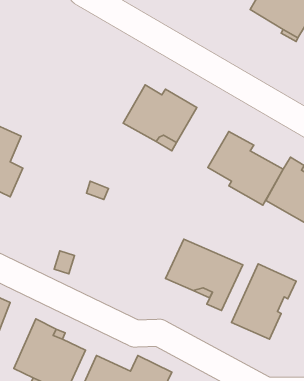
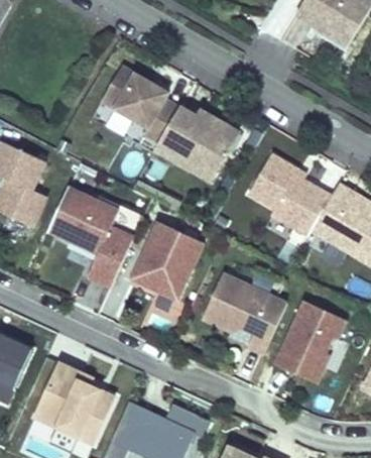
building: none -> [101,62,179,139]
building: none -> [47,186,133,284]
building: none -> [131,220,203,298]

